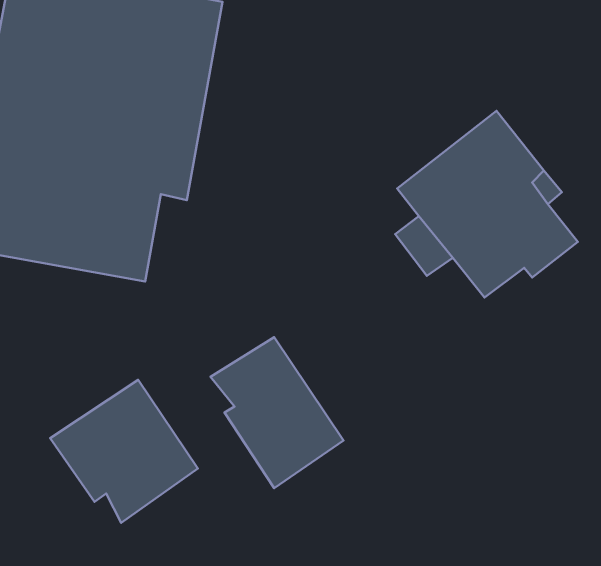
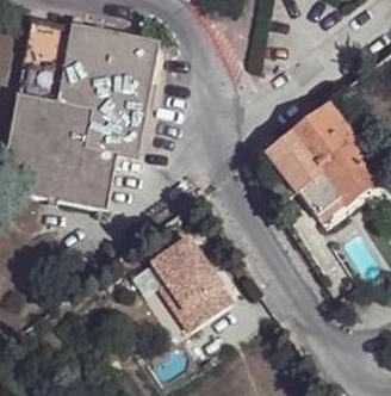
building: [50,380,198,523] -> none

